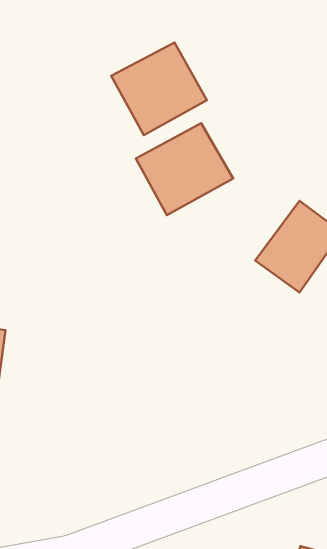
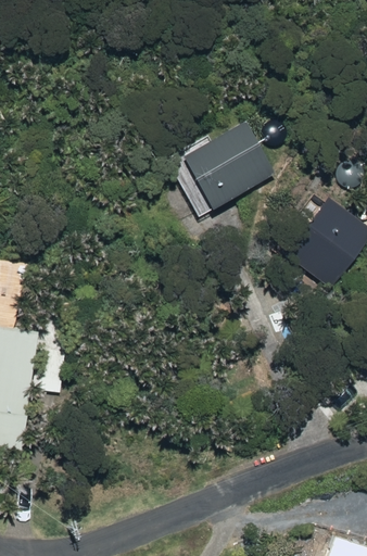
building: [111,42,207,135] -> none

